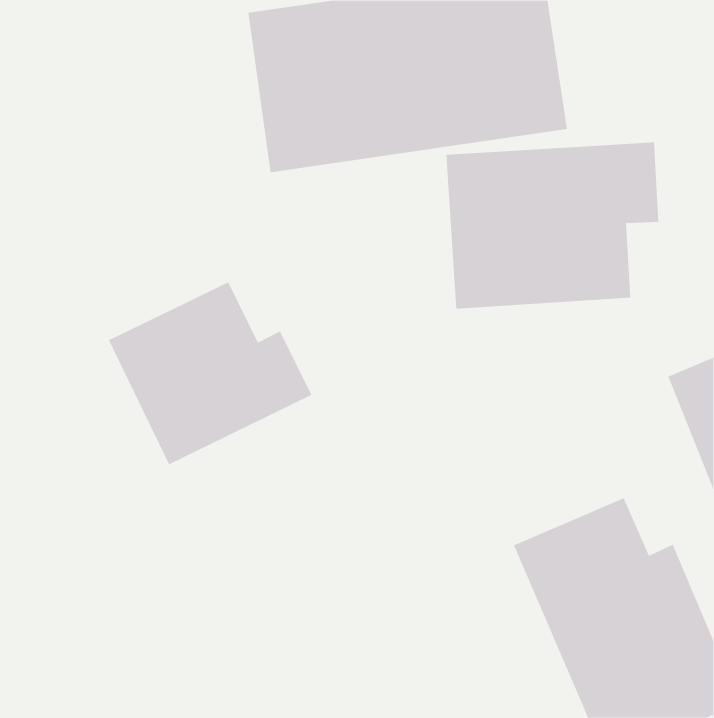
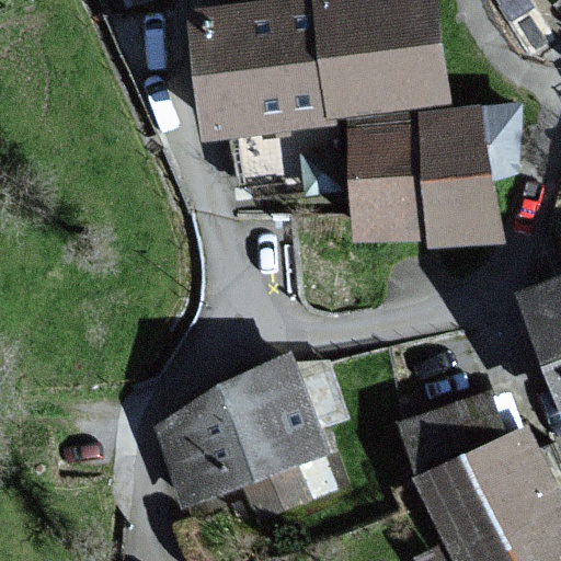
building: [108,282,312,465] -> none
building: none -> [152,356,333,524]

